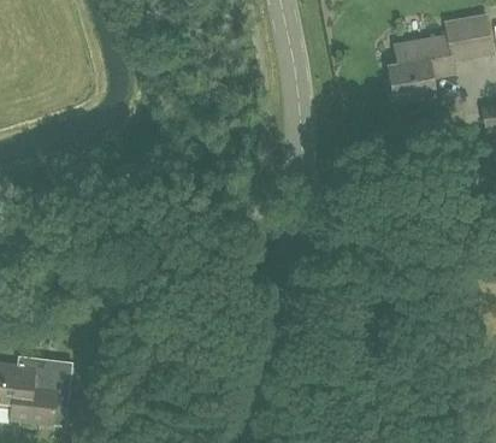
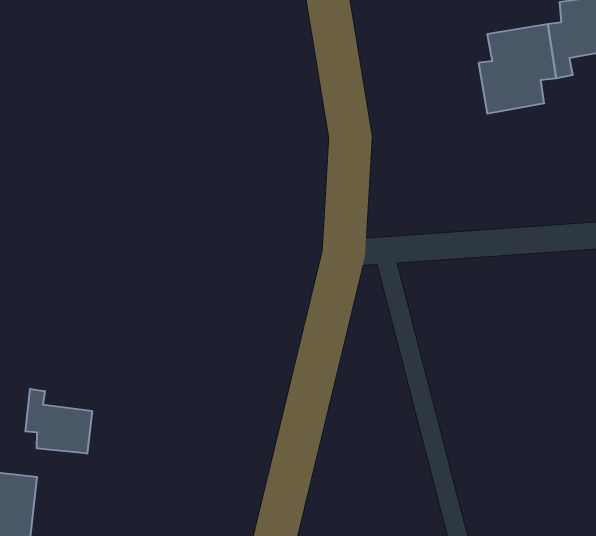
building: none -> [25,389,92,454]

